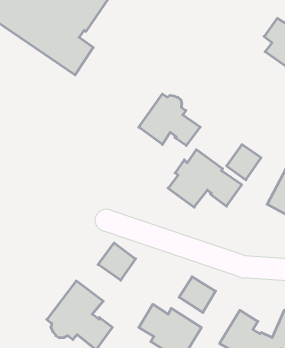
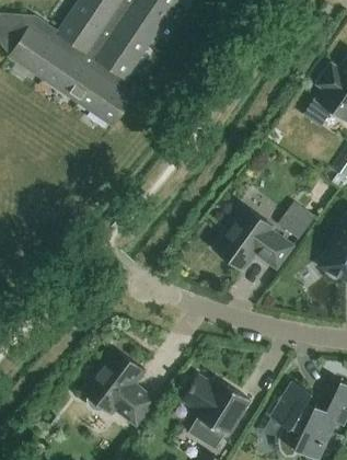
building: [139,94,200,146] -> none
building: [98,243,136,280] -> none
building: [179,277,216,313] -> none

